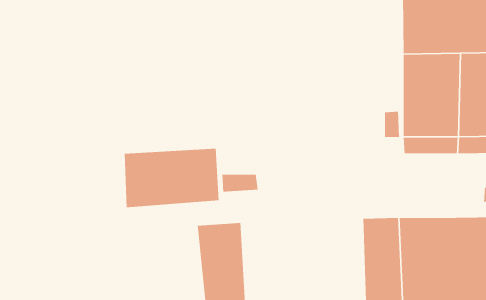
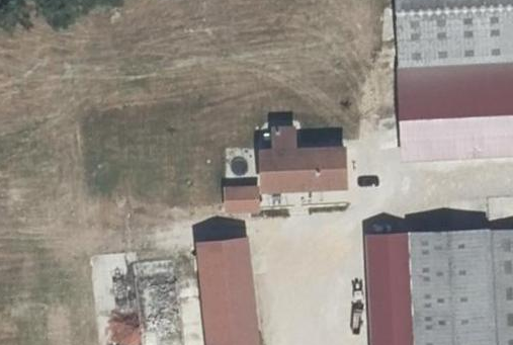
building: none -> [260,130,346,185]
building: [124,148,220,208] -> none

